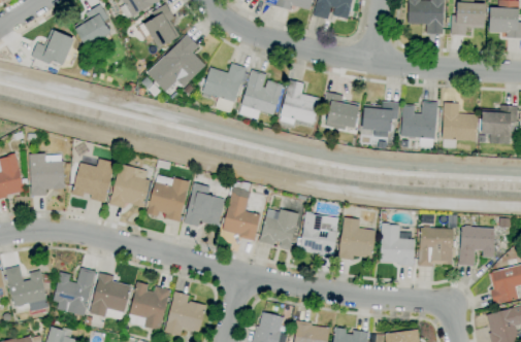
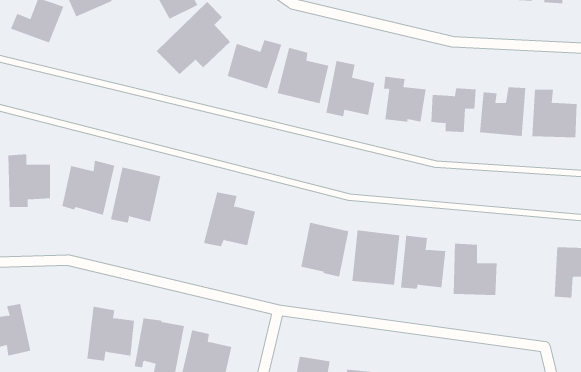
building: [148,174,189,220] -> none
building: [223,187,260,239] -> none
building: [419,228,453,266] -> none
building: [53,267,95,316] -> none

